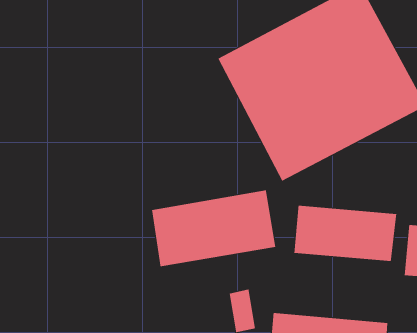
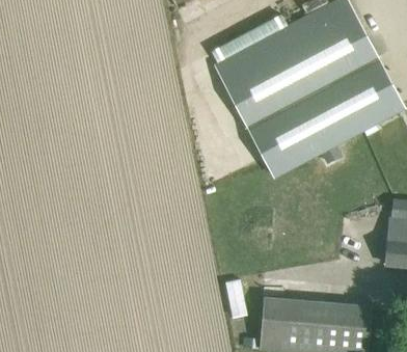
building: [152,190,276,267] -> none
building: [294,205,397,262] -> none

